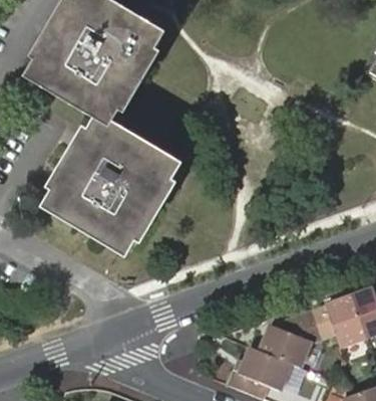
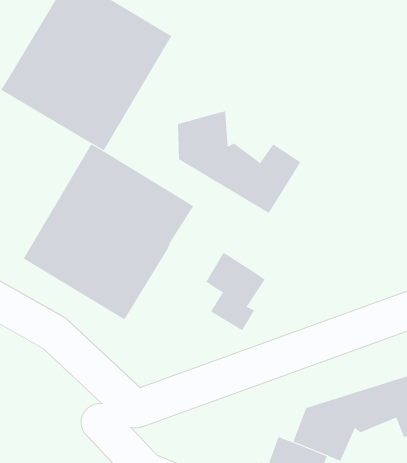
building: none -> [177,111,301,214]
building: none -> [205,252,266,331]

